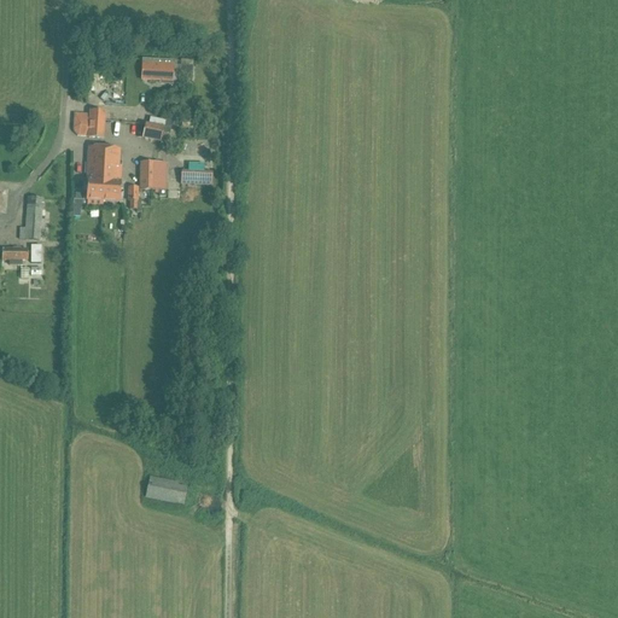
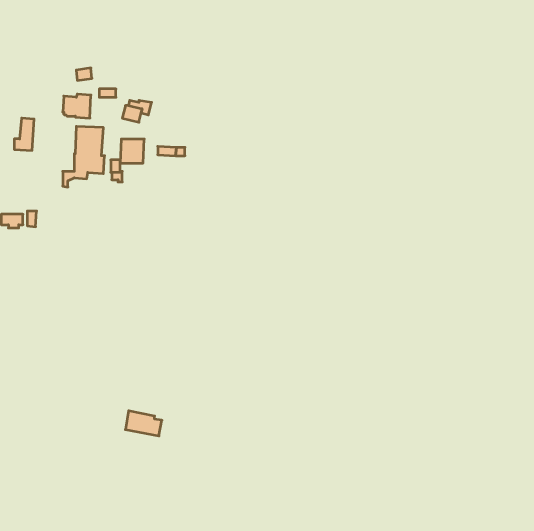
building: [141,60,174,80] -> none
building: [19,202,42,239] -> [14,118,34,150]

